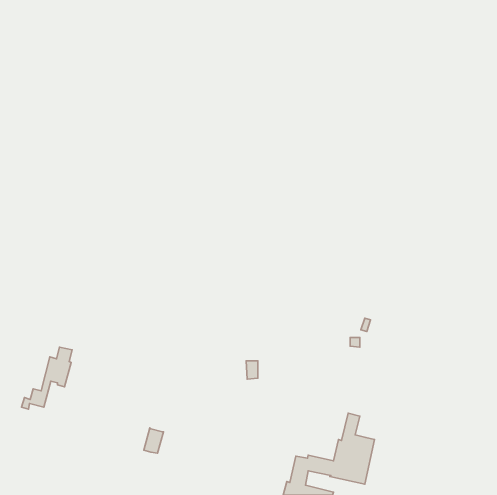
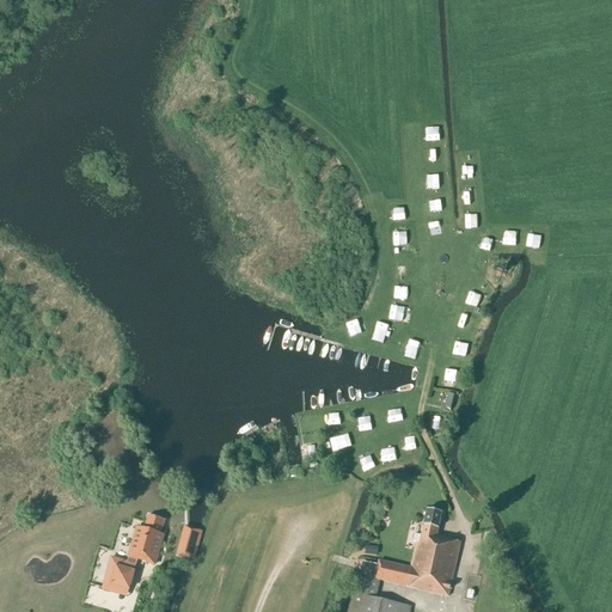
building: [22,347,72,409] -> [102,514,164,590]

